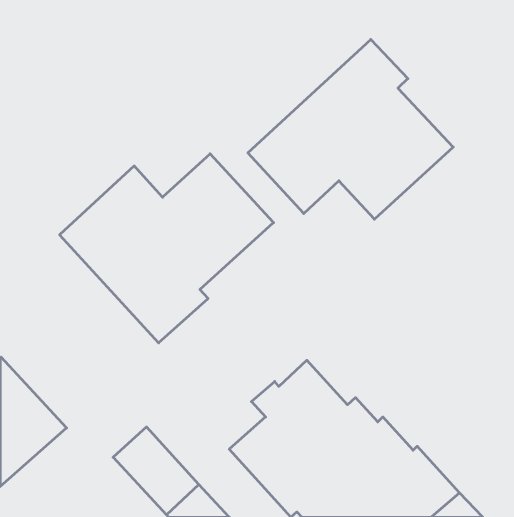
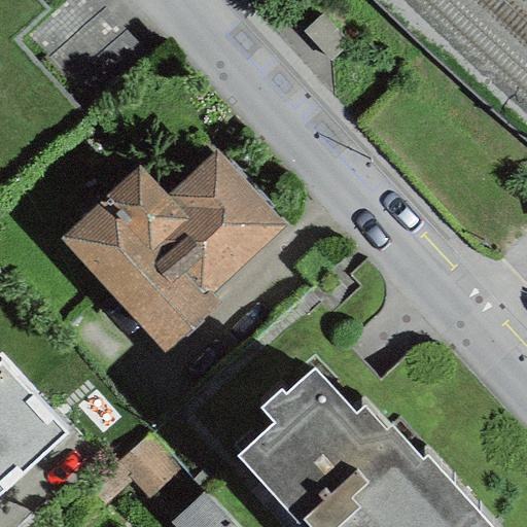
building: [248,39,453,219] -> none

